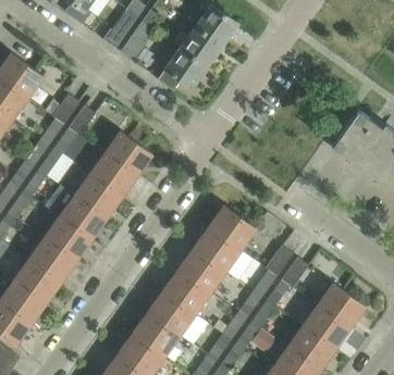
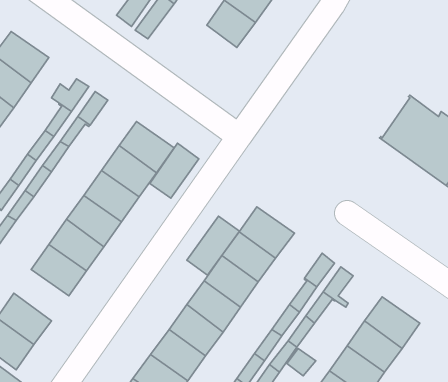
building: [157,48,207,91] -> none
building: none -> [150,143,199,198]
building: none -> [187,216,239,275]
building: [13,260,61,304] -> none

